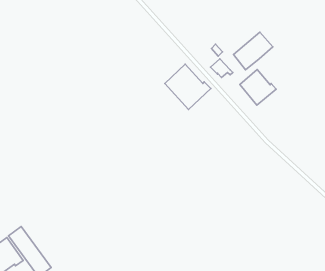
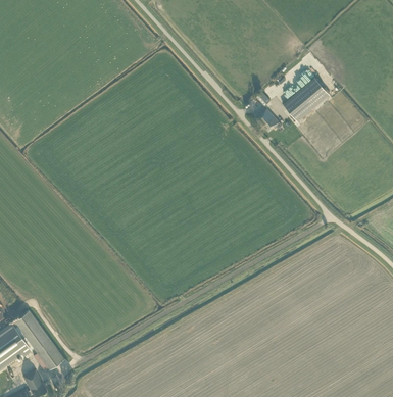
building: [165,64,211,109] -> none
building: [240,70,276,105] -> none

